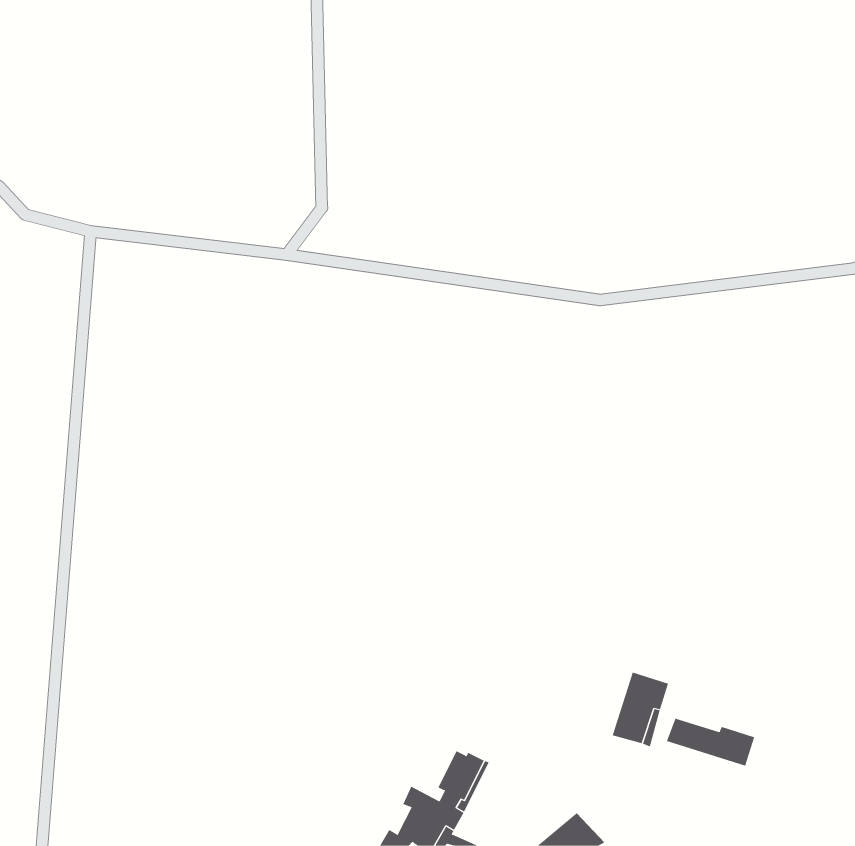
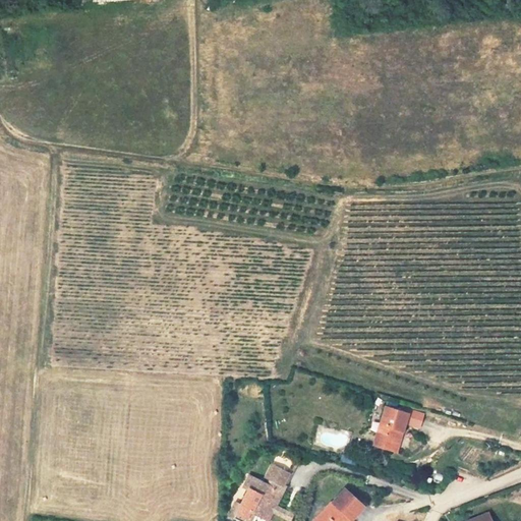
building: [666,718,755,767] -> none

